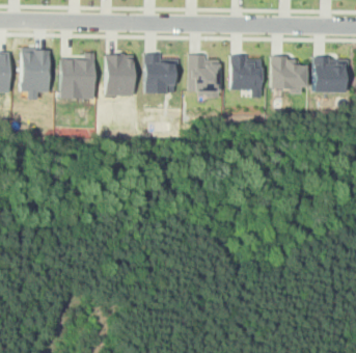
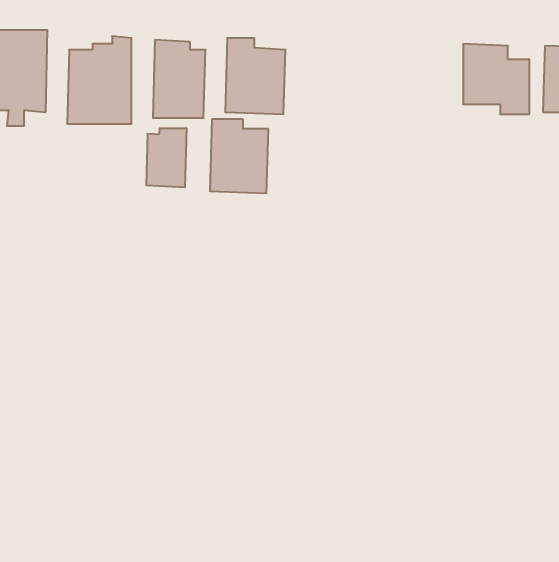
building: [188,54,219,93] -> [210,119,268,193]
building: [229,56,262,98] -> none
building: none -> [147,128,186,187]

